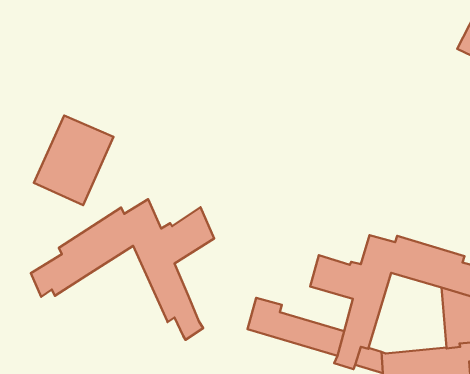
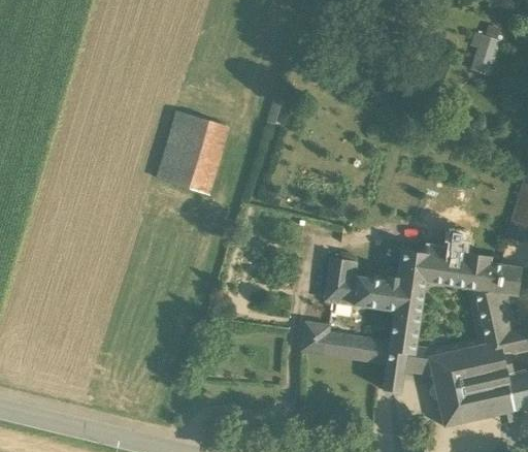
building: [34,116,114,205] -> [158,112,226,193]
building: [31,199,214,340] -> none
building: none -> [325,256,358,303]

